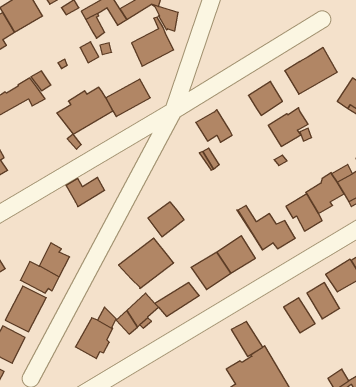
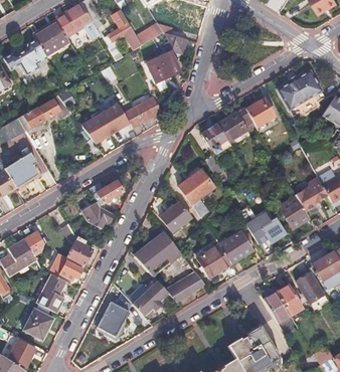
building: [268,108,308,146] -> [219,107,253,140]
building: none -> [178,168,214,216]
building: none -> [82,201,114,227]
building: [231,321,263,356] -> [264,292,291,322]

